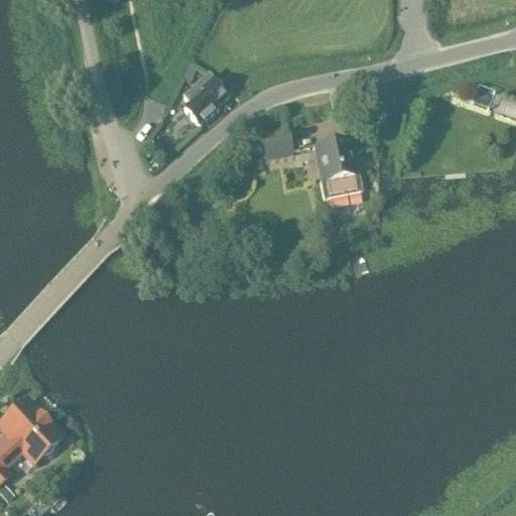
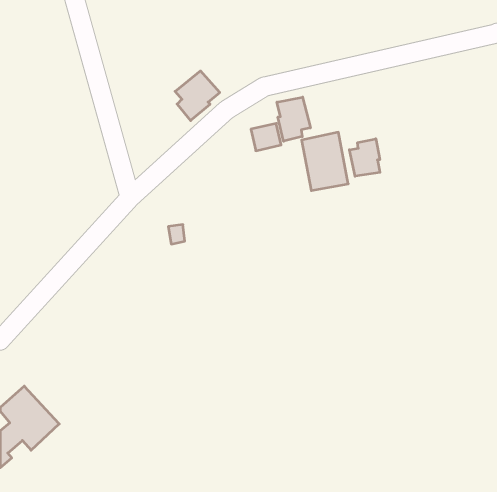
building: none -> [277,97,310,141]
building: none -> [349,139,380,176]

